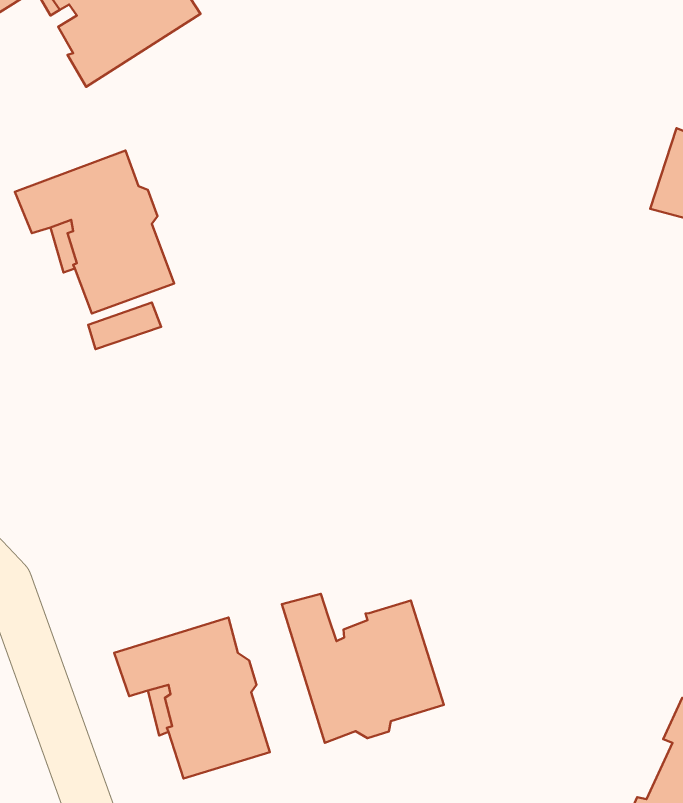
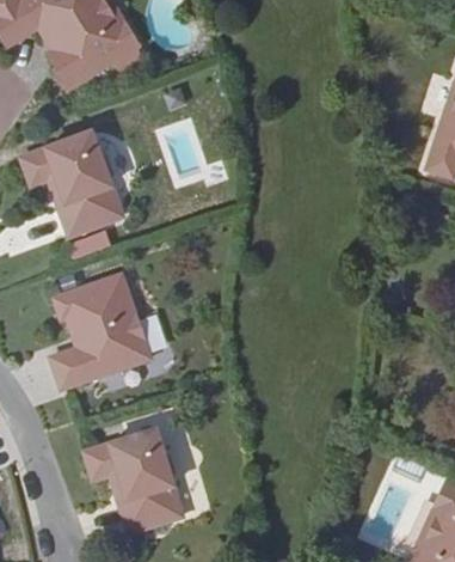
building: none -> [50,274,149,387]
building: [282,594,444,743] -> none

